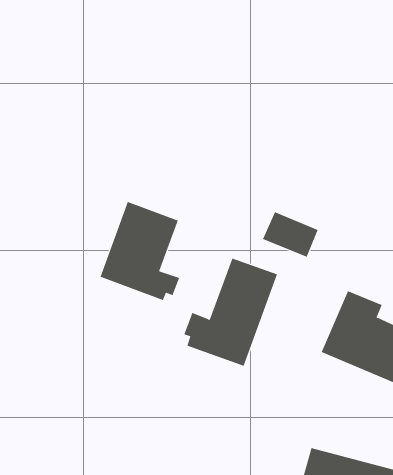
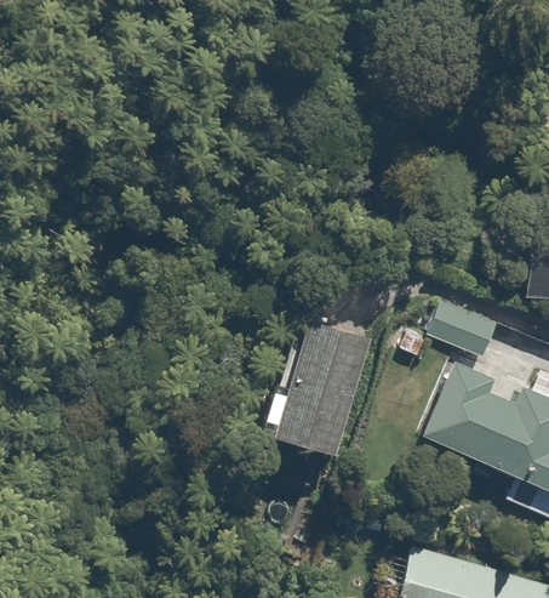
building: [100,201,180,301] -> none
building: [262,211,318,258] -> [430,306,497,360]

